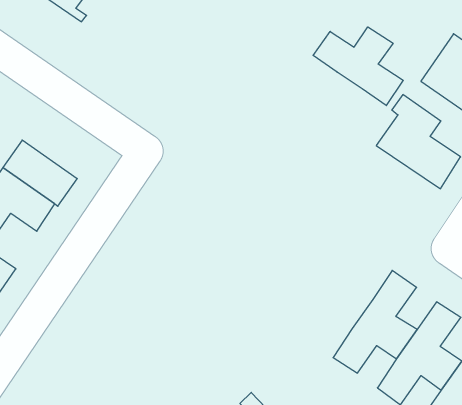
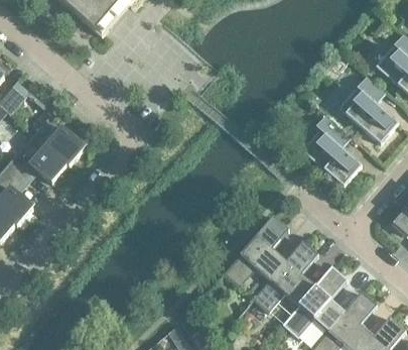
building: [313,27,403,106] -> none
building: none -> [224,215,289,285]

